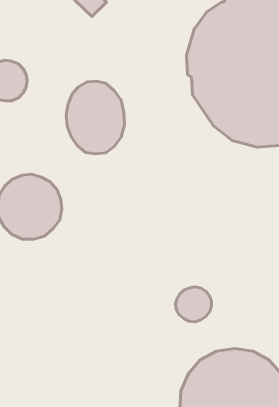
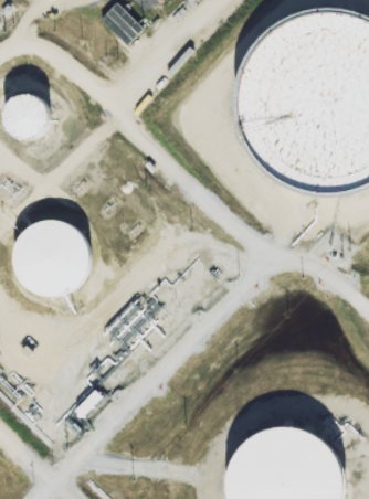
building: [66,81,124,154] -> none
building: [175,287,211,322] -> none

